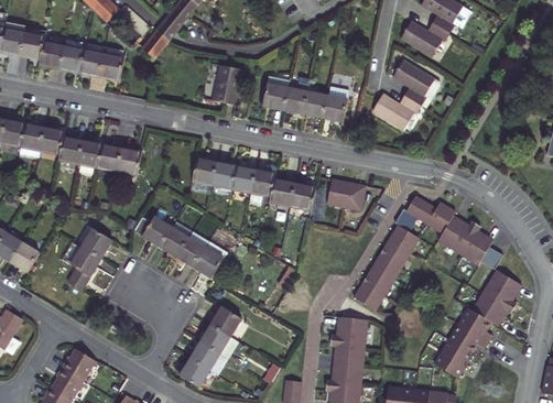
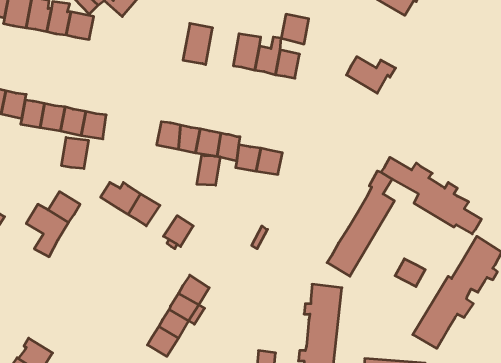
building: [391,63,436,107] -> none
building: [322,94,348,122] -> [281,14,309,44]
building: none -> [62,137,88,169]
building: [318,181,357,210] -> none
building: none -> [197,155,220,185]
building: [178,239,208,269] -> none
building: none -> [395,259,425,287]
building: [65,349,100,381] -> none

